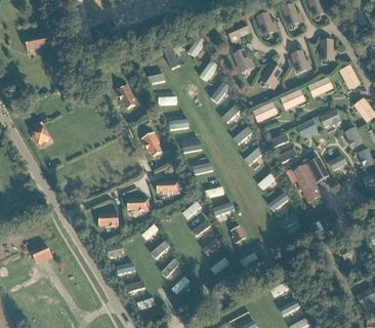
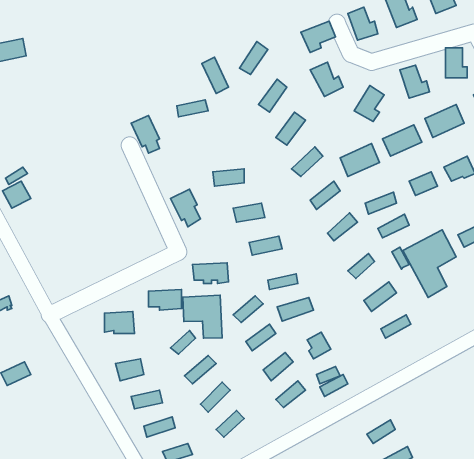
building: none -> [183,295,222,338]

